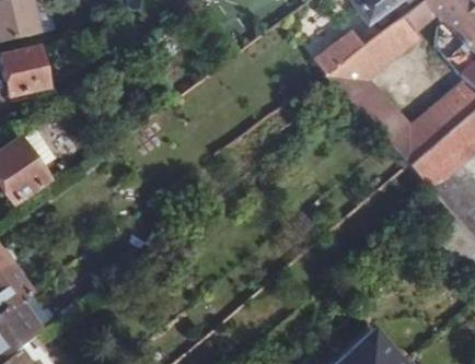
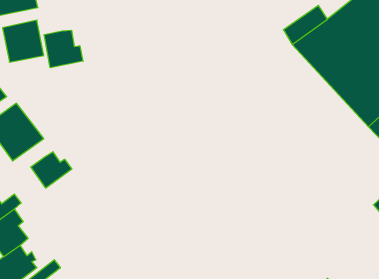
building: none -> [44,30,83,68]
building: none -> [31,152,72,188]

